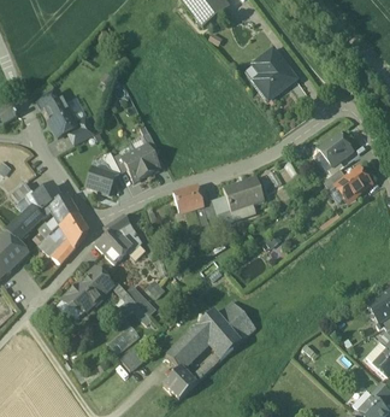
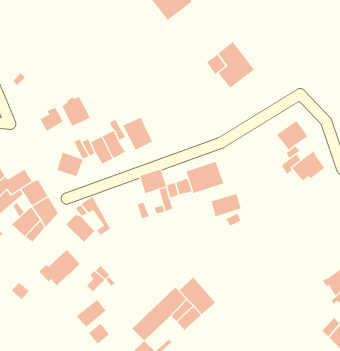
building: [47,104,78,136] -> [62,96,91,127]
building: none -> [123,117,153,151]
building: none -> [211,193,242,217]

